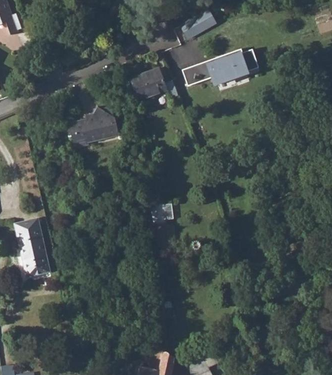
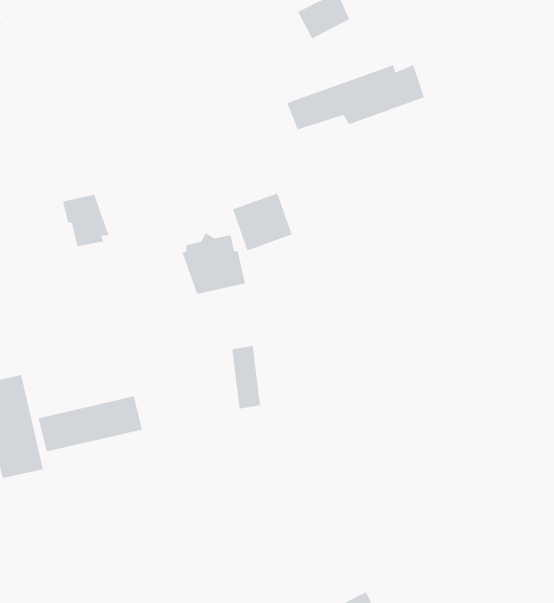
building: [128,71,161,103] -> [232,193,293,251]
building: [78,109,113,143] -> [182,233,246,295]
building: none -> [38,396,143,452]

